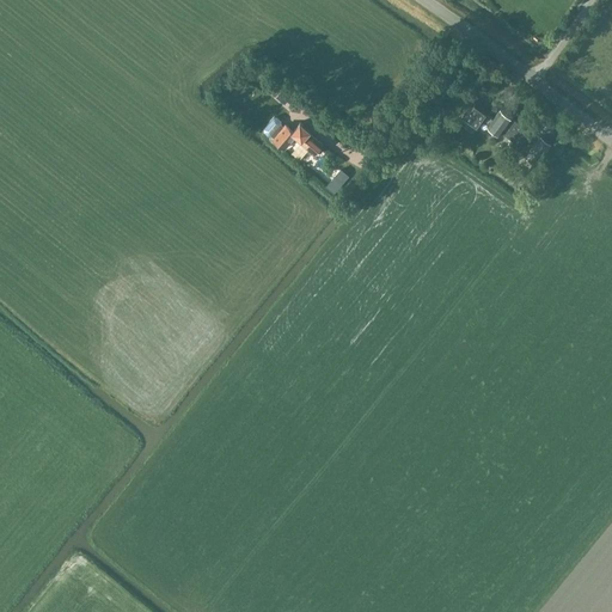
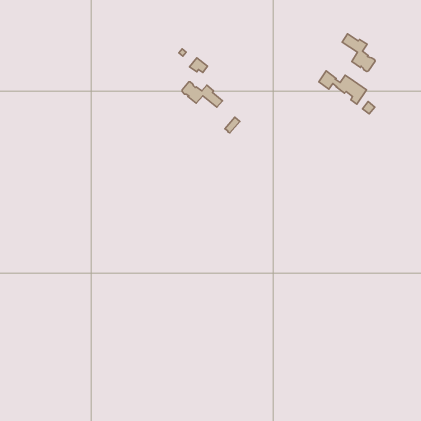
building: none -> [342,34,375,71]

